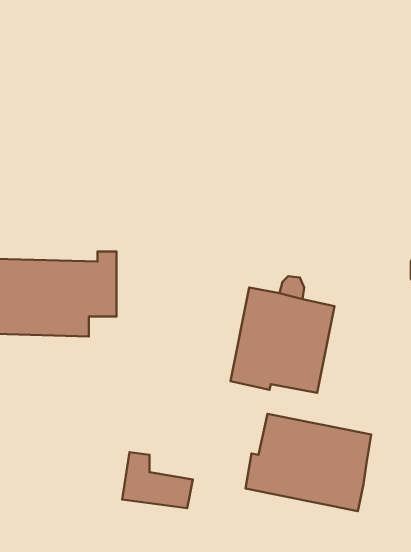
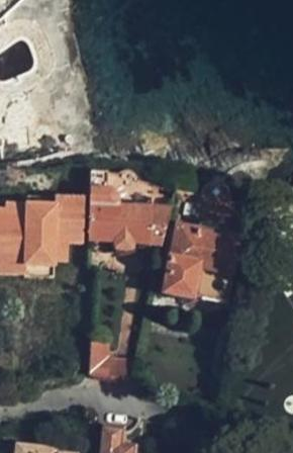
building: none -> [91,186,168,250]
building: [246,414,371,511] -> none

